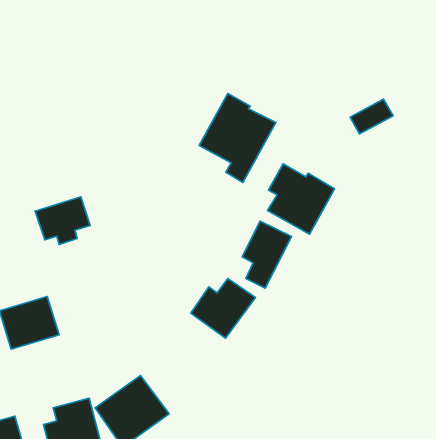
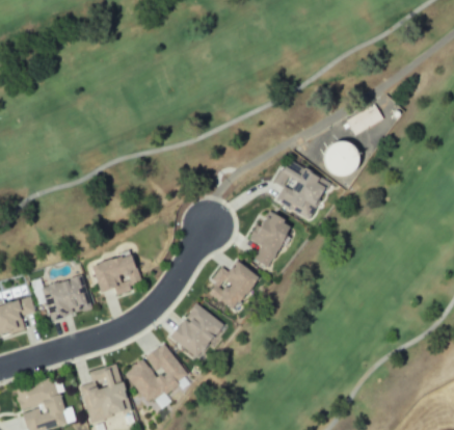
building: [199,93,276,182] -> none
building: none -> [332,142,365,173]
building: [35,197,90,245] -> [95,253,142,295]
building: none -> [169,303,223,360]

